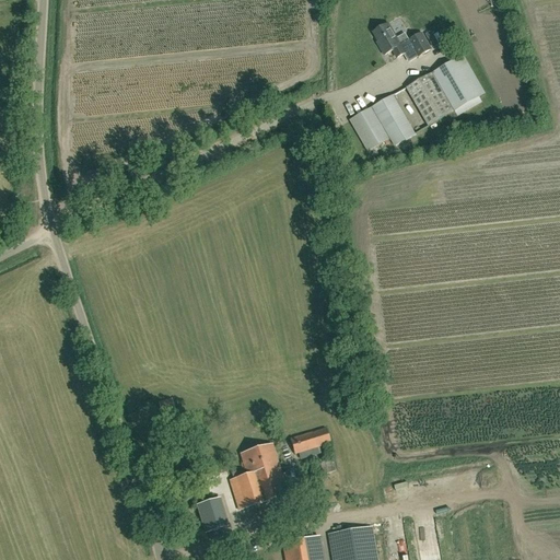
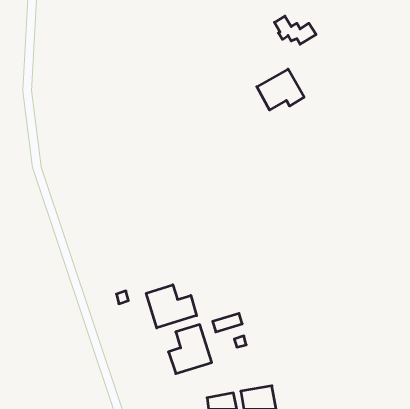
building: [406,54,486,124] -> none
building: none -> [146,285,197,328]
building: [197,497,228,532] -> none

